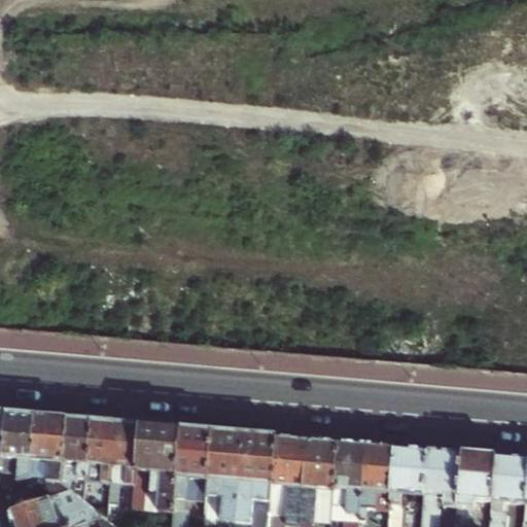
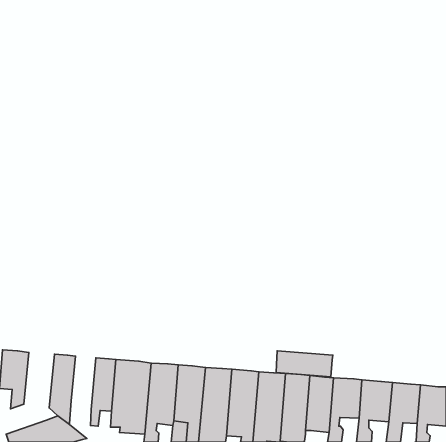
building: none -> [276,351,333,377]
building: [28,414,68,493] -> none
building: [81,418,112,499] -> none

